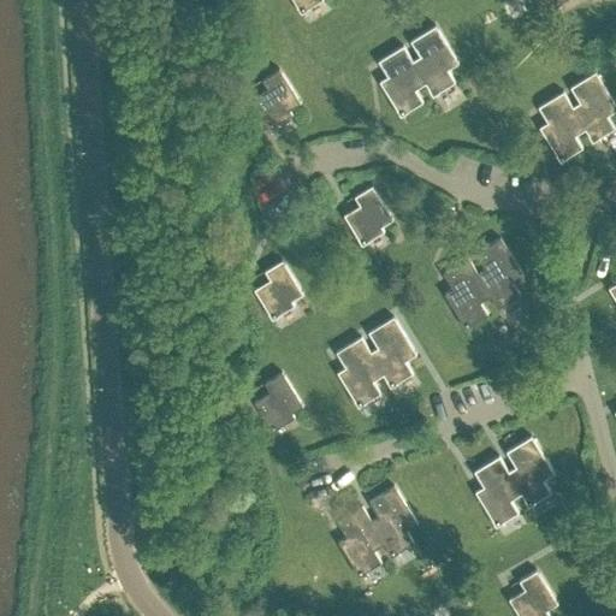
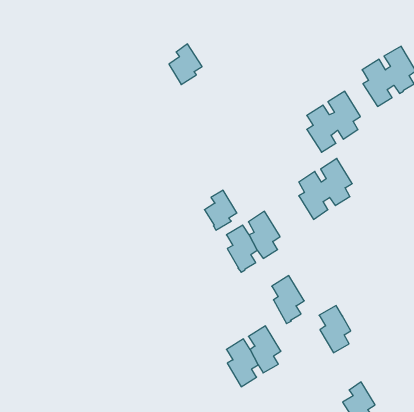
building: [379,26,458,117] -> [307,91,360,152]
building: [344,188,392,247] -> none
building: [255,261,303,320] -> [204,190,237,230]
building: [254,373,303,432] -> none
building: [507,437,555,508] -> [272,276,304,324]

